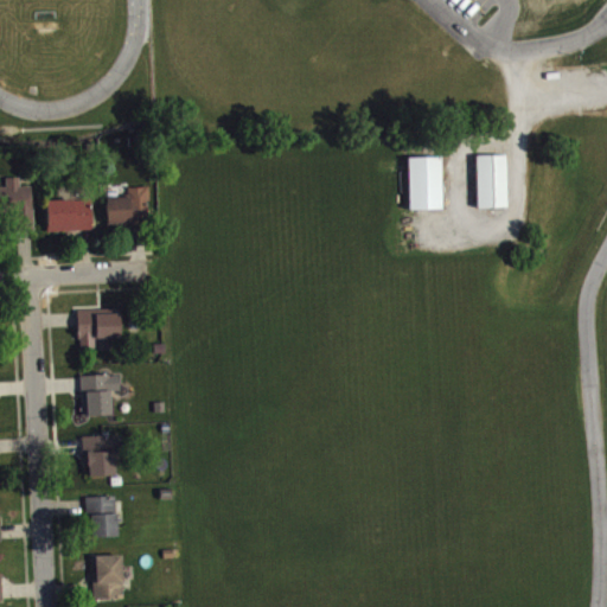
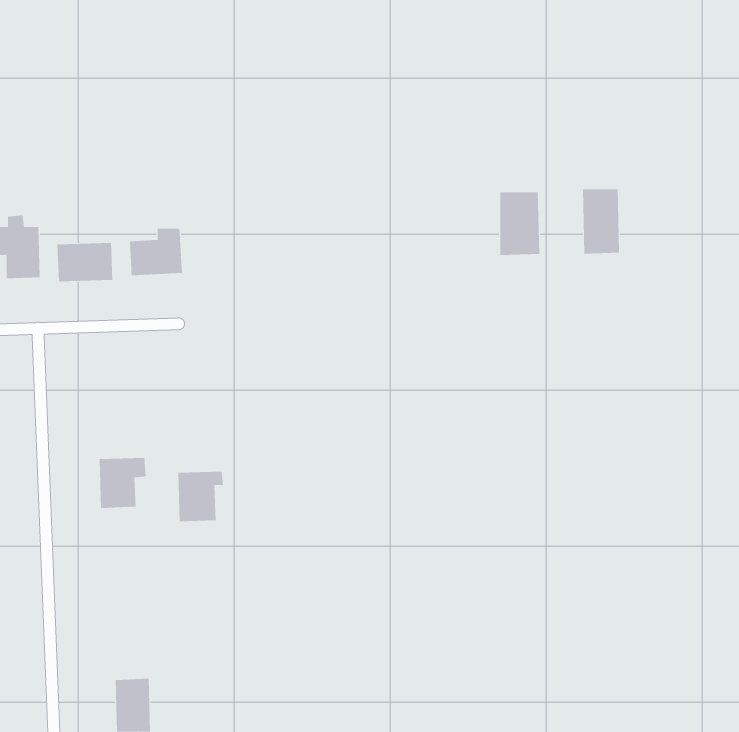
building: [78,308,120,349] -> none
building: [83,434,121,475] -> [177,471,224,522]
building: [87,494,116,536] -> none

